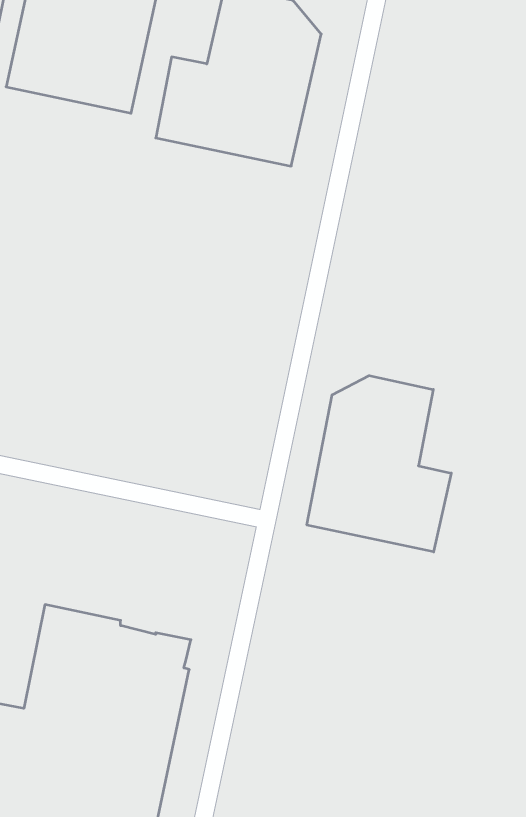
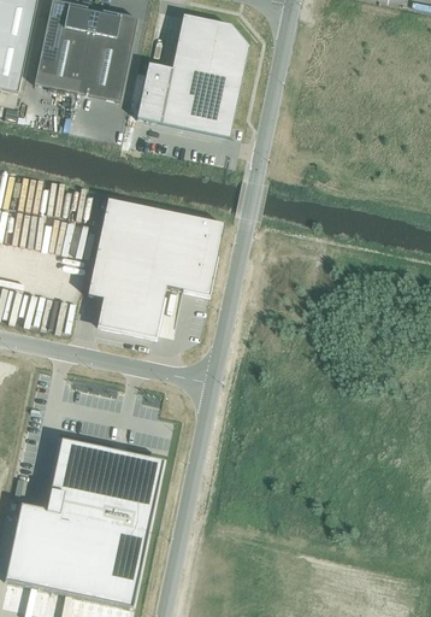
building: none -> [87,198,224,336]
building: [307,376,451,552] -> none

